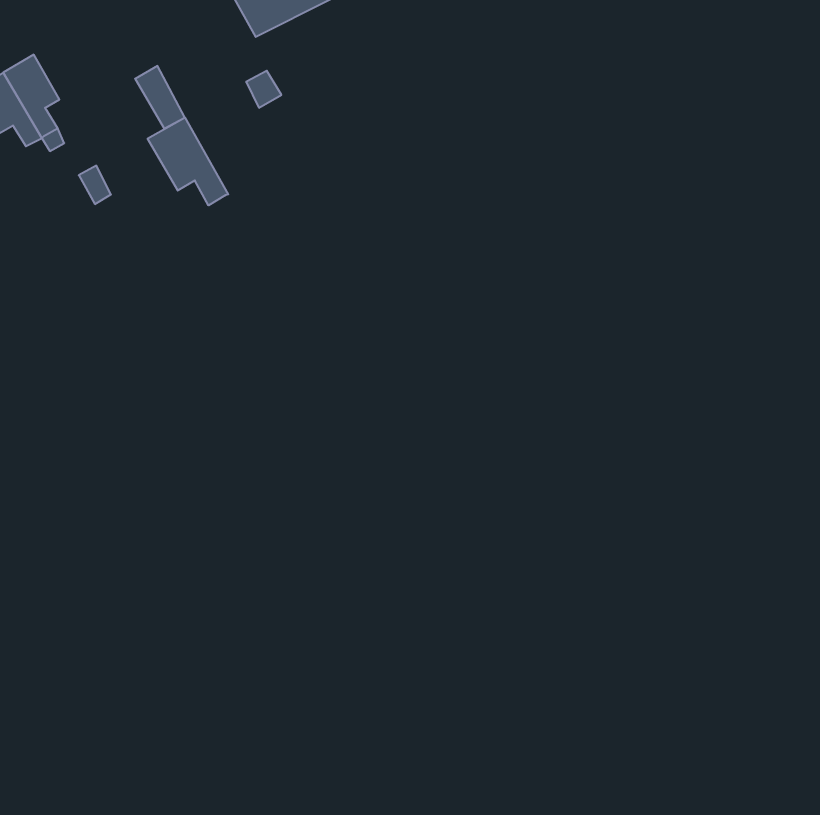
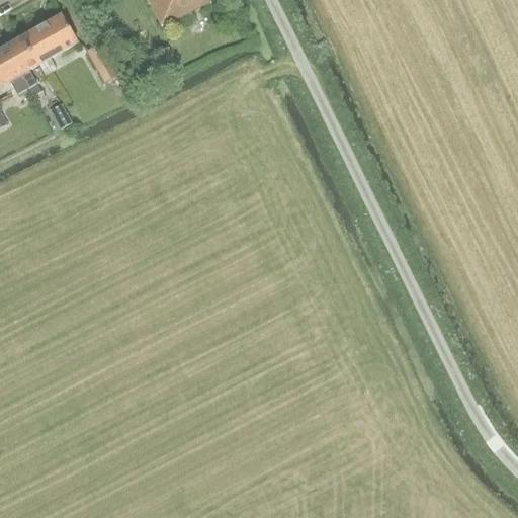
building: none -> [21,12,77,63]
building: [148,117,228,205] -> none

